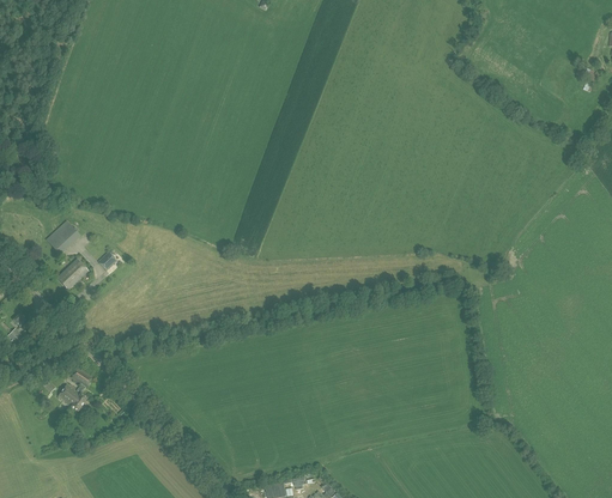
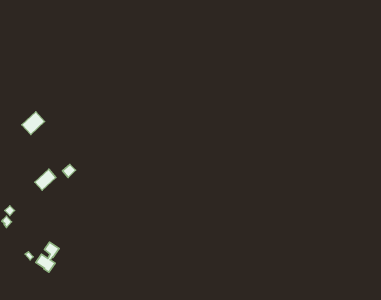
building: [46,219,79,253] -> [22,112,45,135]

